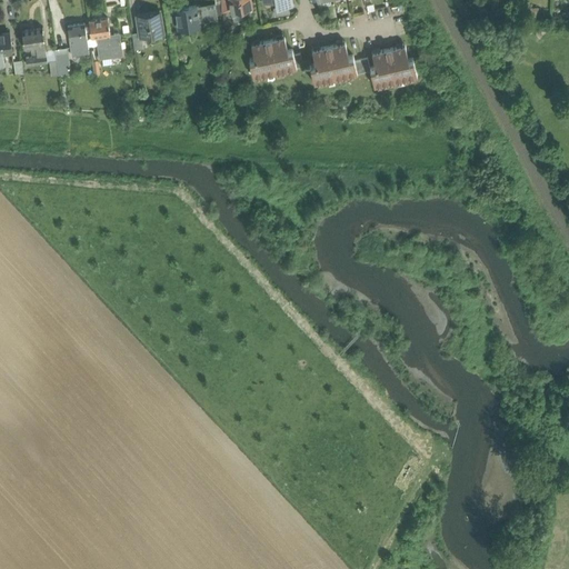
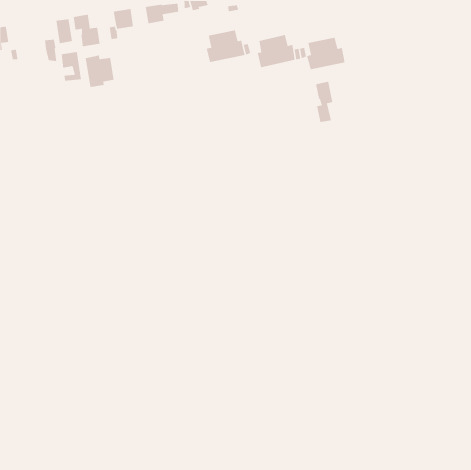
building: [21,29,47,66] -> [61,51,82,82]
building: none -> [85,55,114,88]
building: none -> [315,81,333,123]

